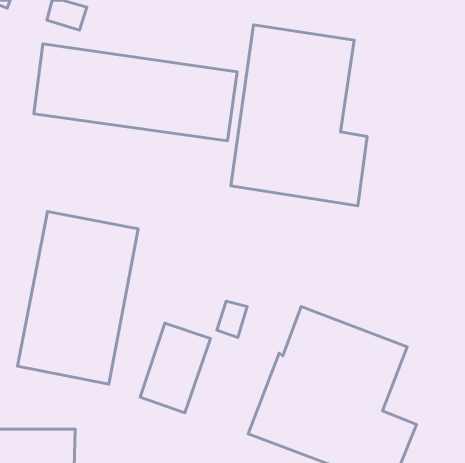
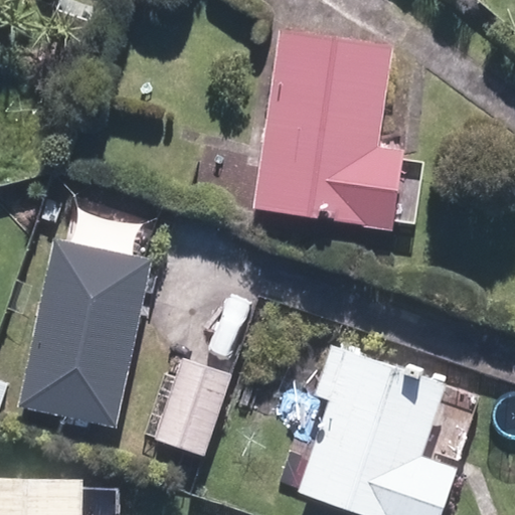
building: [34,44,237,141] -> none

